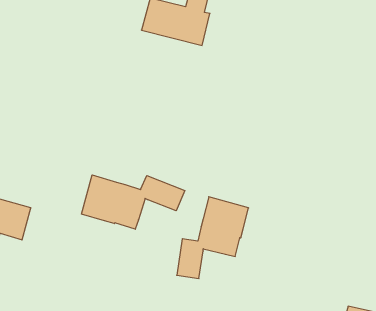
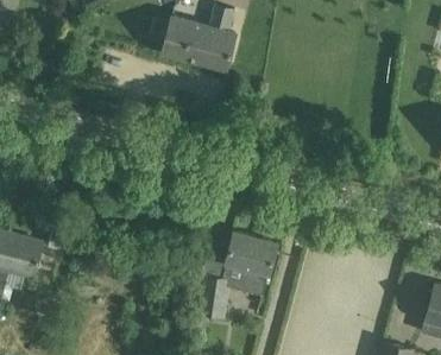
building: [81,175,185,229] -> none

